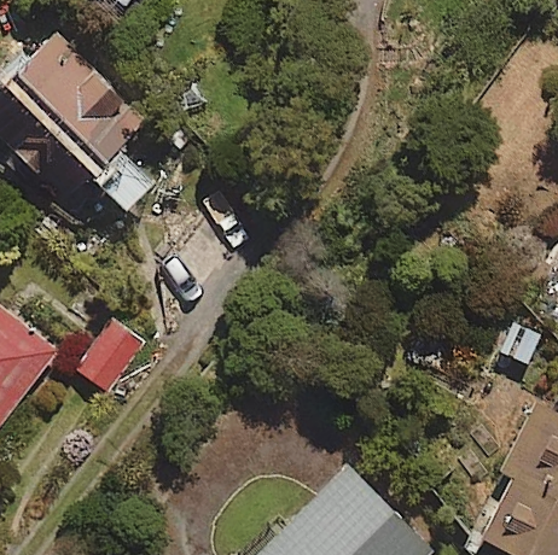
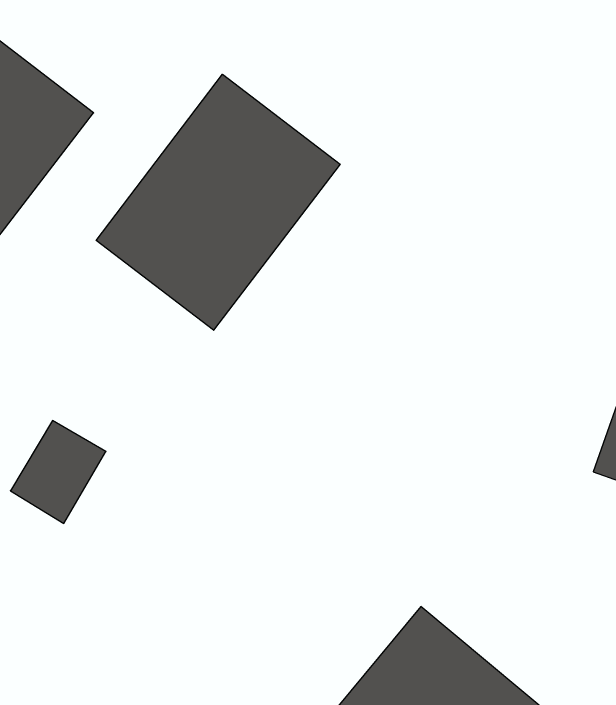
building: none -> [96,74,340,330]

